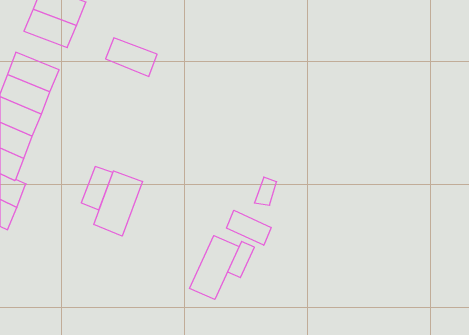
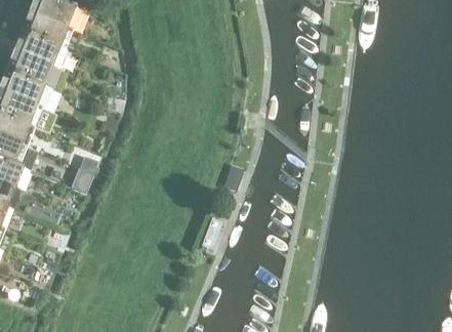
building: [106,38,157,76] -> [15,34,60,68]
building: [94,171,143,236] -> none
building: [227,210,271,245] -> none
building: [189,236,239,299] -> none

